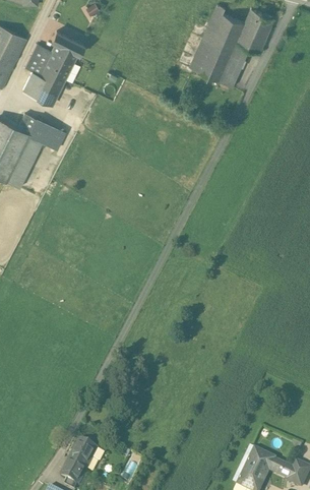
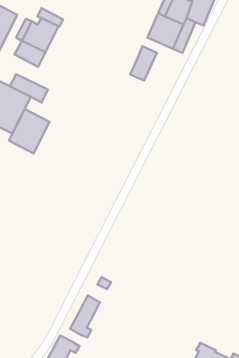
building: none -> [130,46,157,80]
building: none -> [9,109,49,154]
building: none -> [70,296,100,338]

